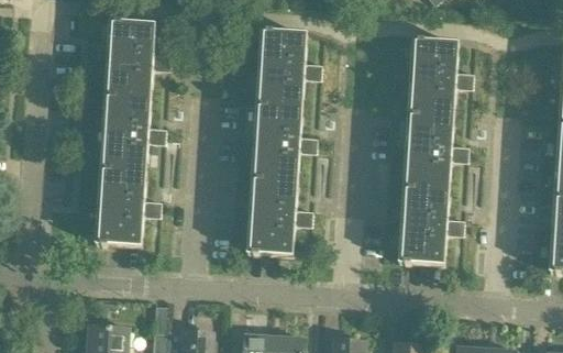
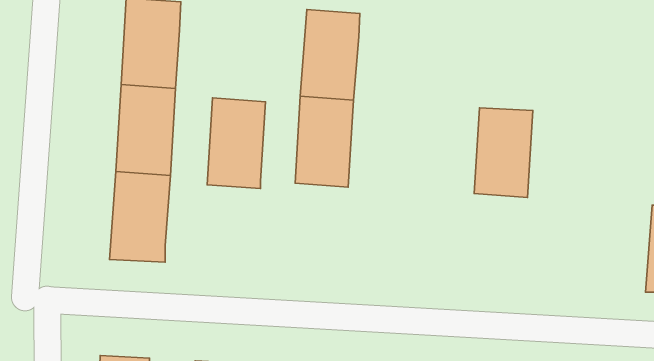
building: [409,33,460,117] -> none
building: [249,178,298,255] -> [207,98,266,189]
building: [399,187,450,264] -> none

